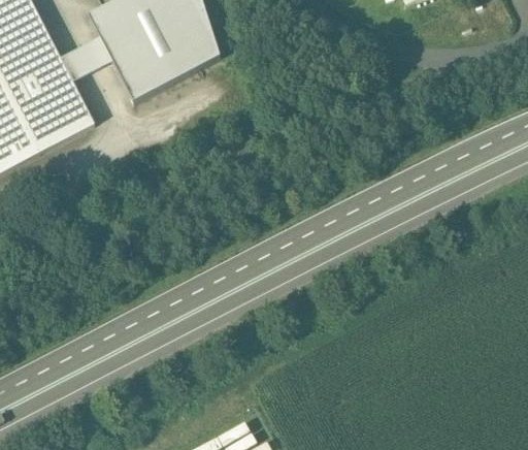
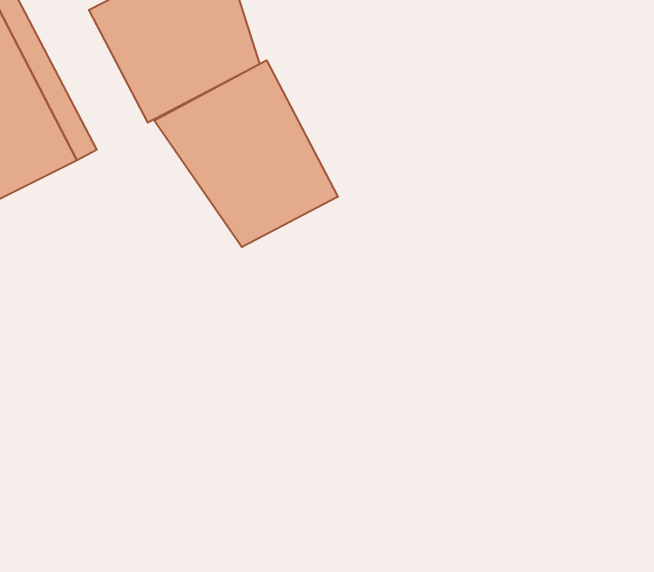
building: none -> [154,60,338,247]

